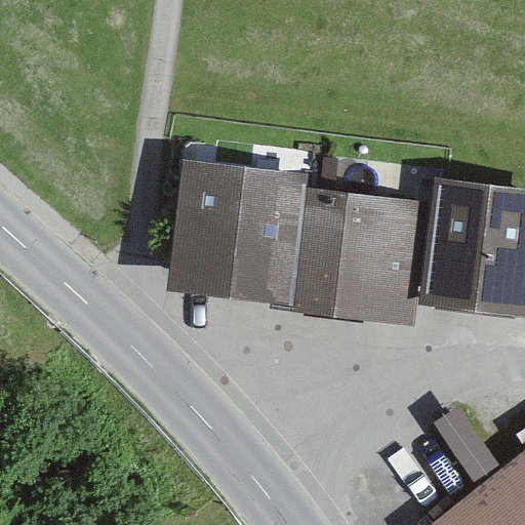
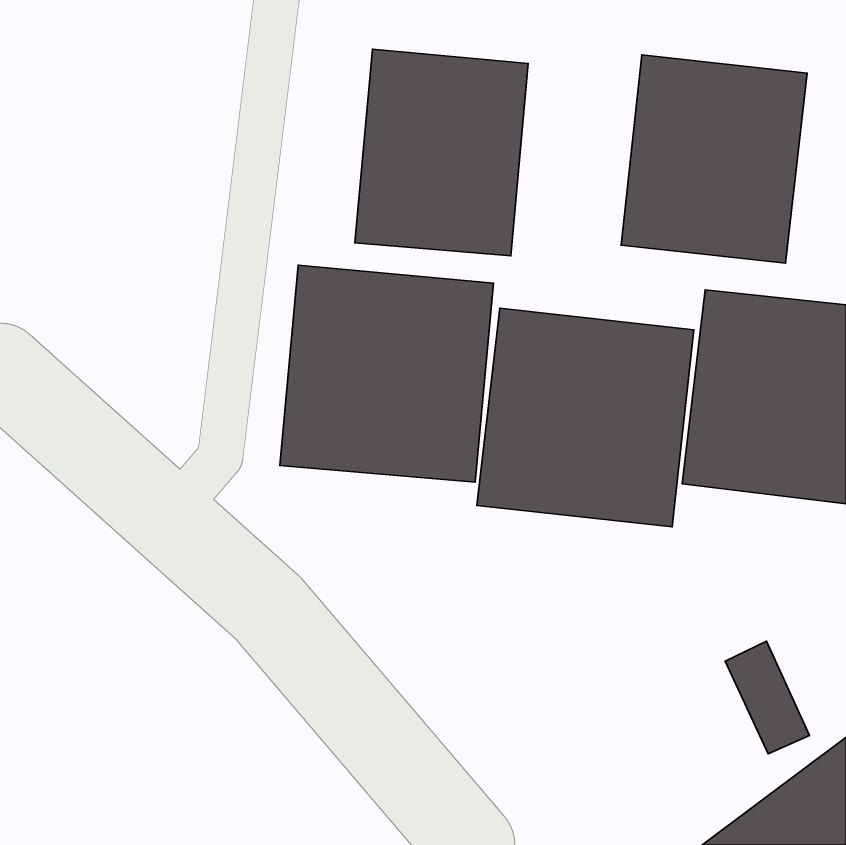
building: none -> [355,49,528,256]
building: none -> [621,55,807,263]

